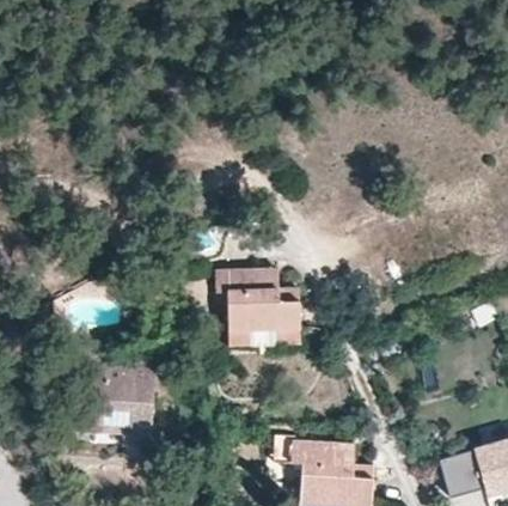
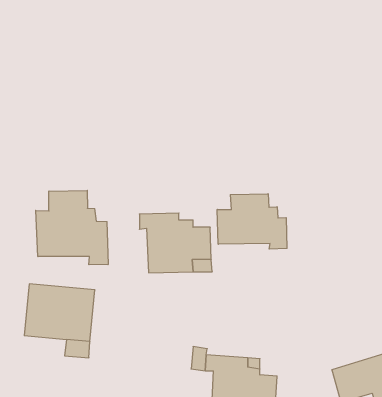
building: none -> [36,190,108,265]
building: none -> [217,194,287,249]

